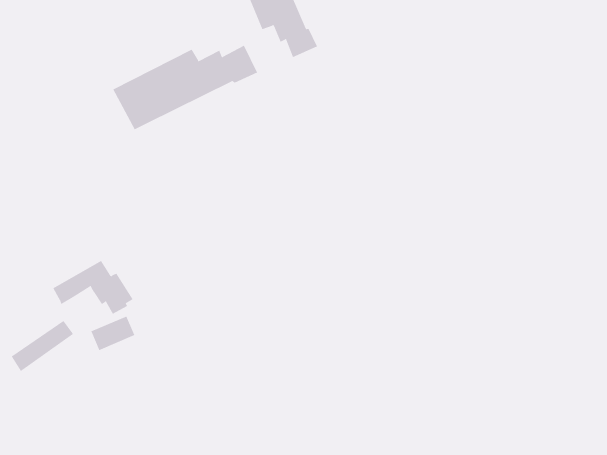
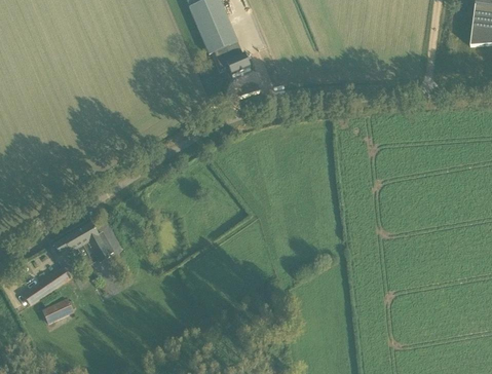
building: [113,45,258,130] -> none
building: [90,316,135,351] -> [41,296,74,322]

